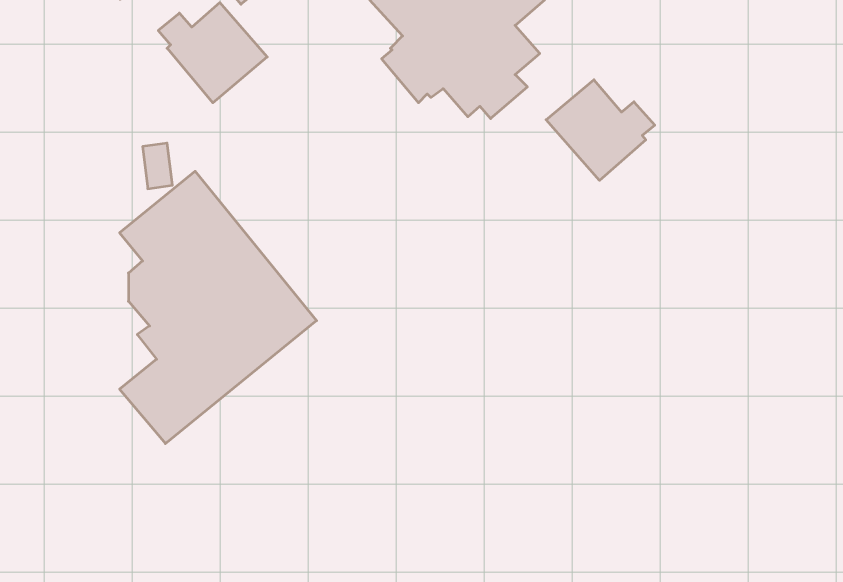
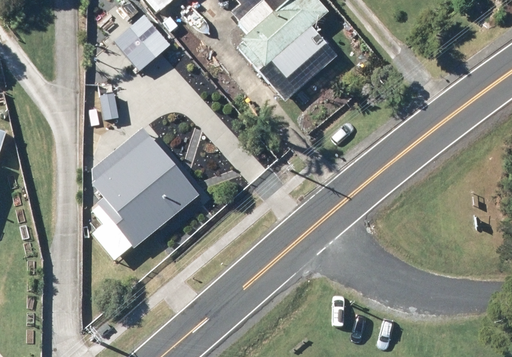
building: [546,80,655,180] -> none

